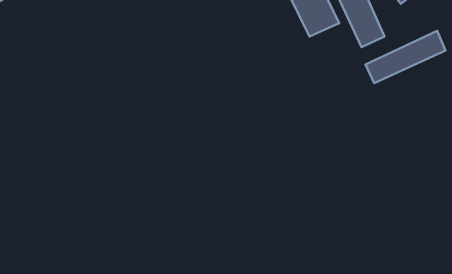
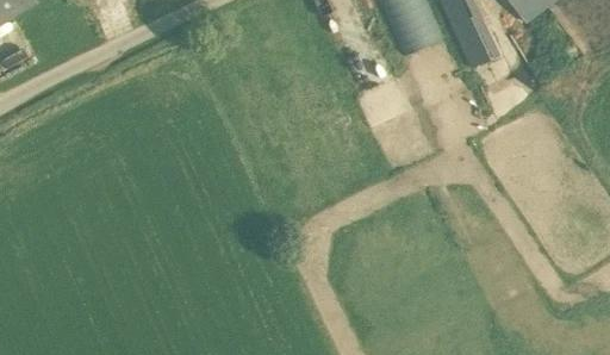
building: [366,31,446,83] -> none

